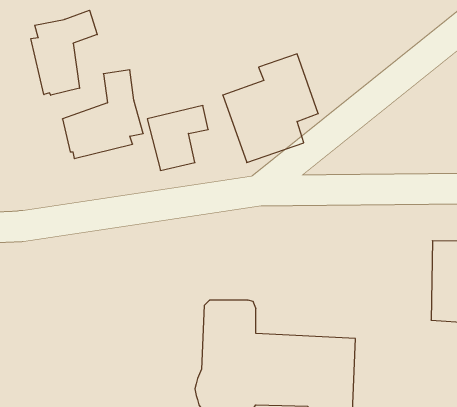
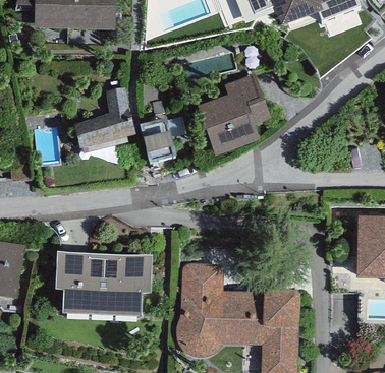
building: [31,10,97,95] -> none
building: none -> [55,252,152,320]

